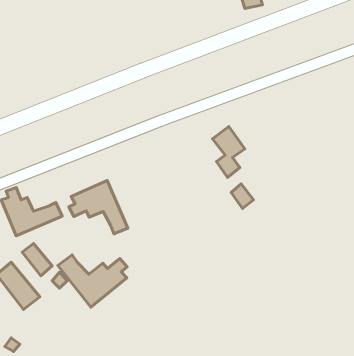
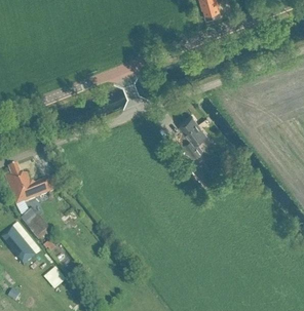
building: [69,180,128,234] -> none
building: [58,255,127,307] -> none

